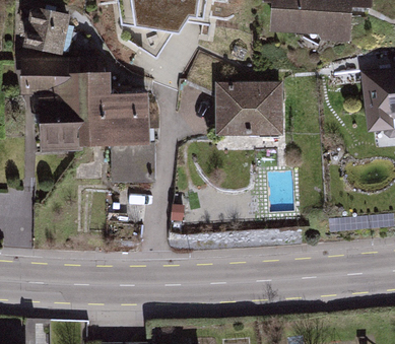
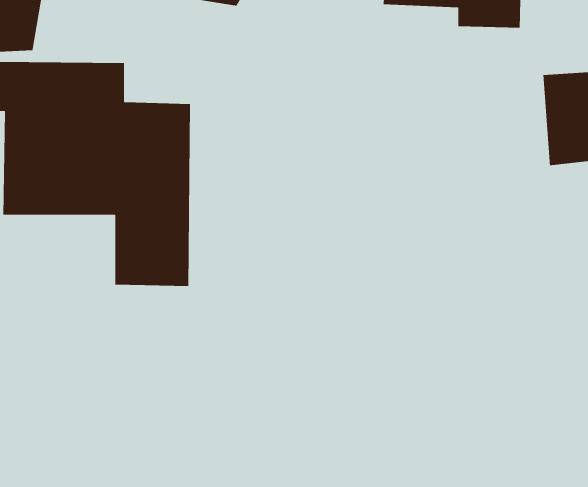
building: [211,81,281,136] -> none

